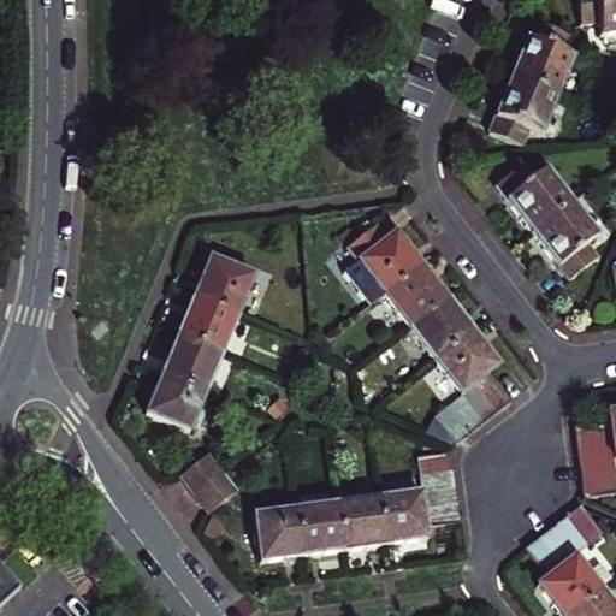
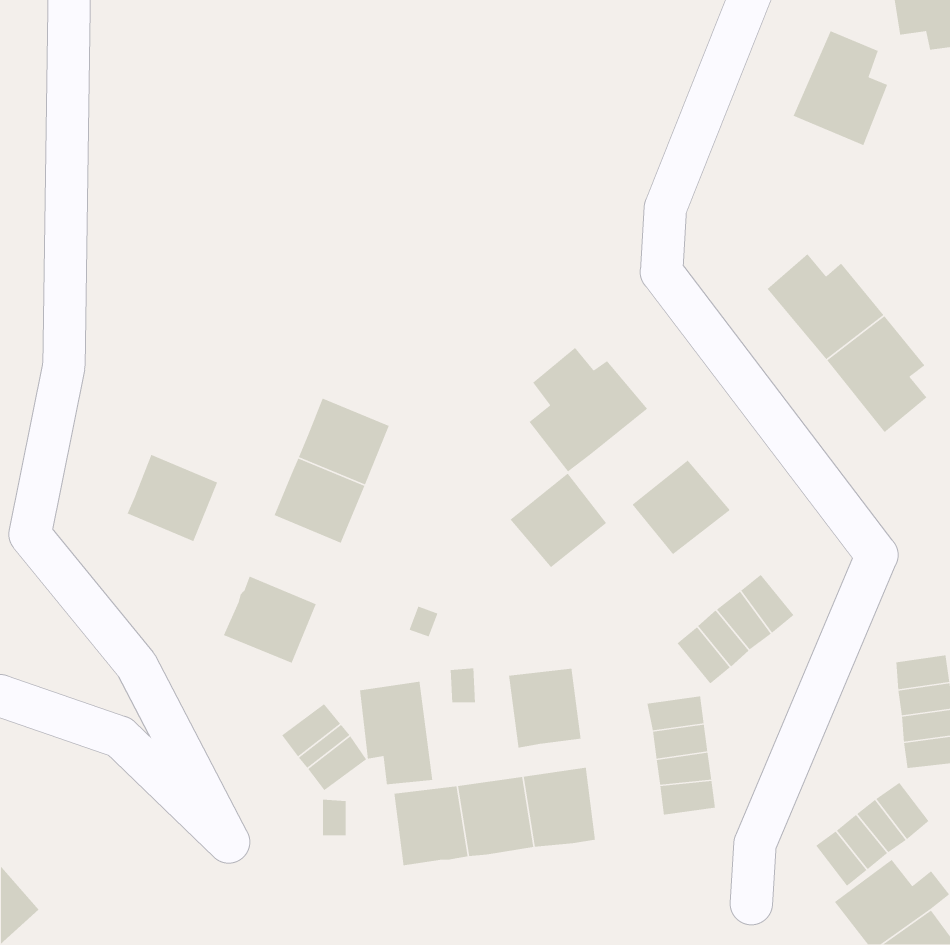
building: [492,75,559,142] -> none
building: [384,262,446,324] -> [510,472,607,568]
building: [437,327,499,387] -> none
building: [165,331,224,387] -> [126,454,218,542]
building: none -> [359,681,433,785]
building: [381,487,428,539] -> [508,668,581,748]

